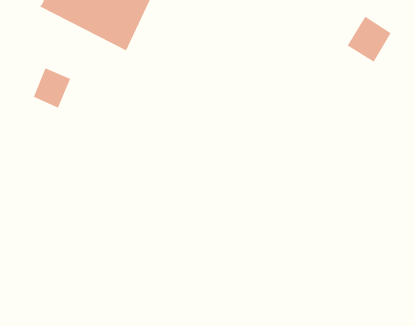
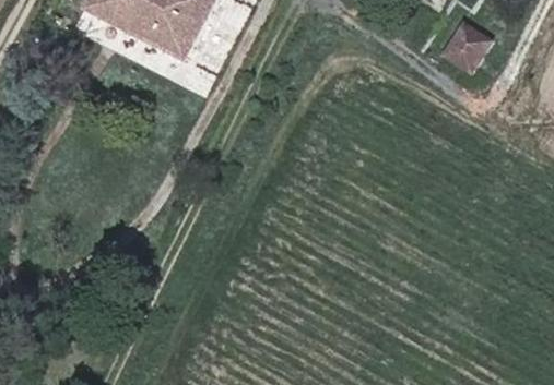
building: [33,68,71,109] -> none

